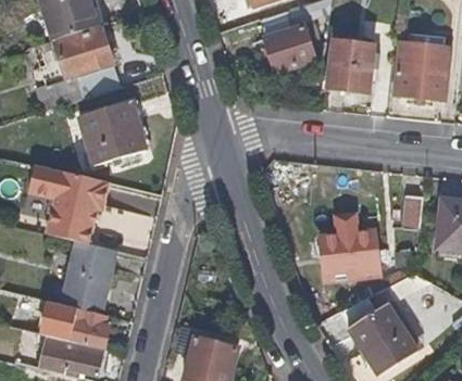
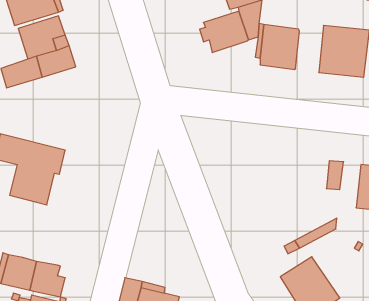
building: [78,100,146,165] -> none
building: [321,229,386,279] -> none
building: [61,241,115,313] -> none

